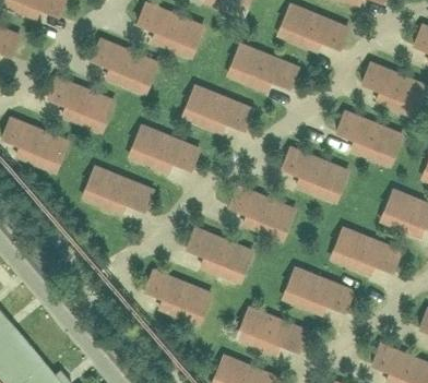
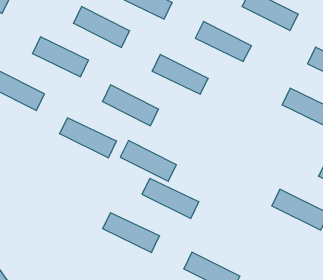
building: [282,149,347,192] -> none
building: [228,188,293,230] -> [120,141,176,181]
building: [287,270,352,312] -> none

